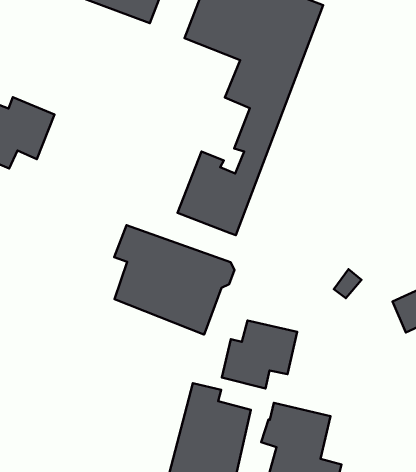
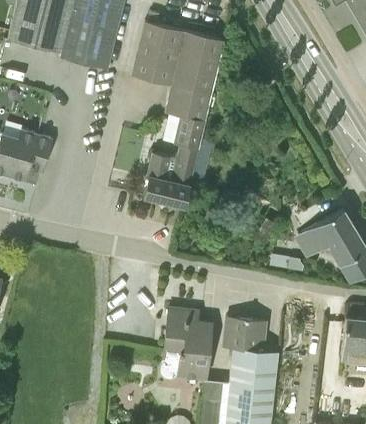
building: [114,225,234,335] -> none
building: [222,320,297,389] -> none

